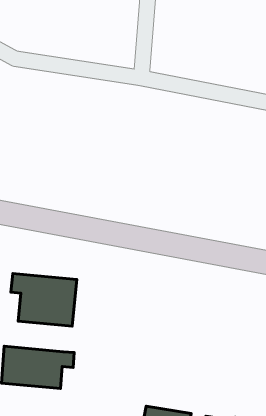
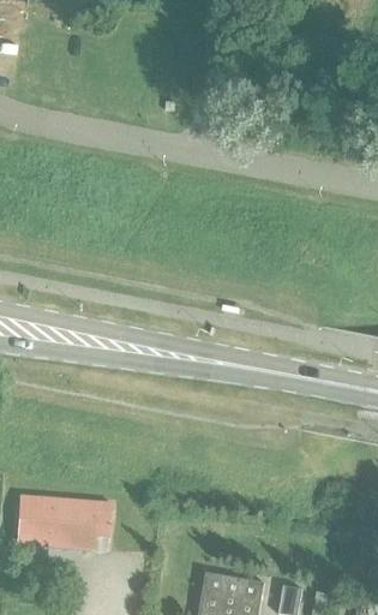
building: [11,274,77,326] -> none

